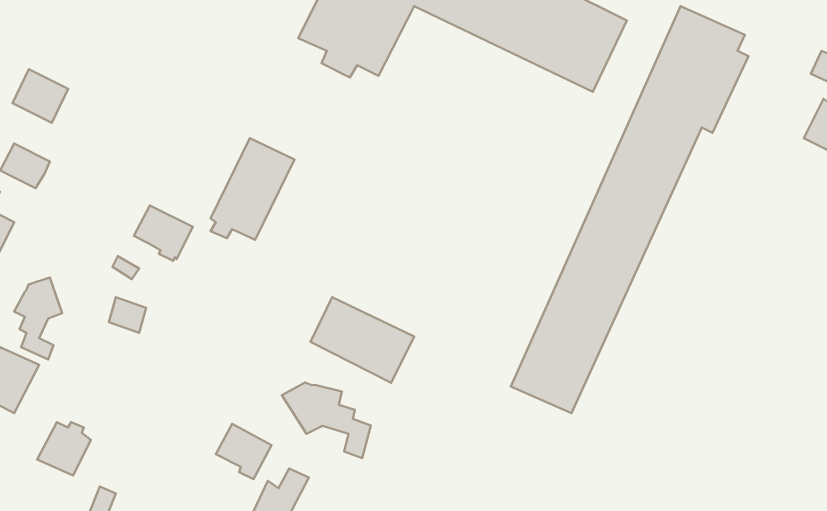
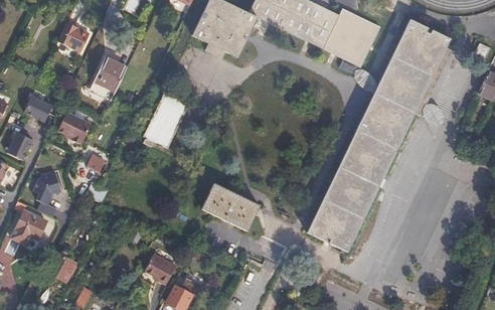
building: [13,69,68,123] -> [56,24,88,54]
building: none -> [95,57,126,92]
building: [134,206,193,261] -> [58,113,92,144]
building: [282,382,371,458] -> none

